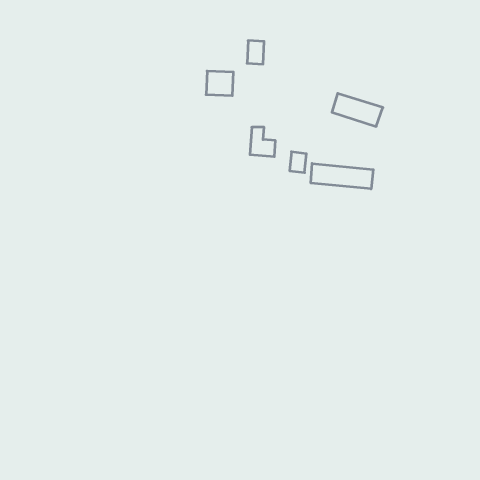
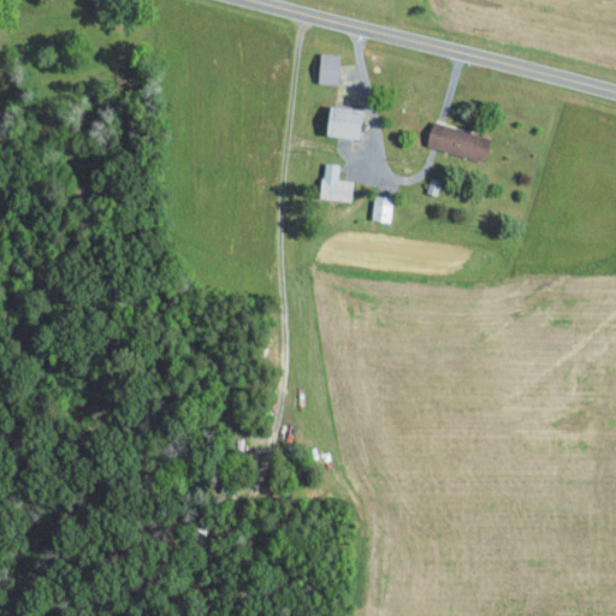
building: [206,71,233,96] -> [327,107,362,138]
building: [311,163,373,189] -> none

